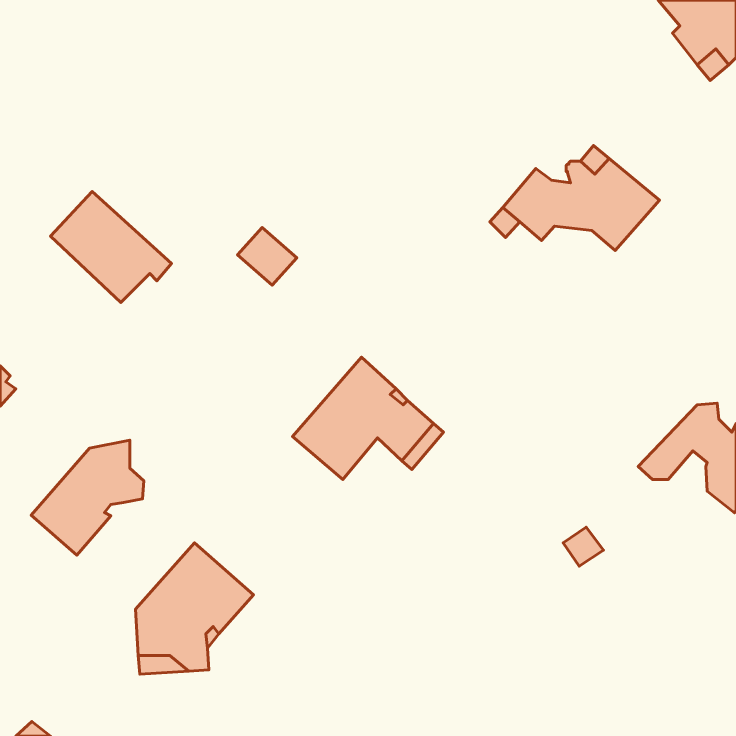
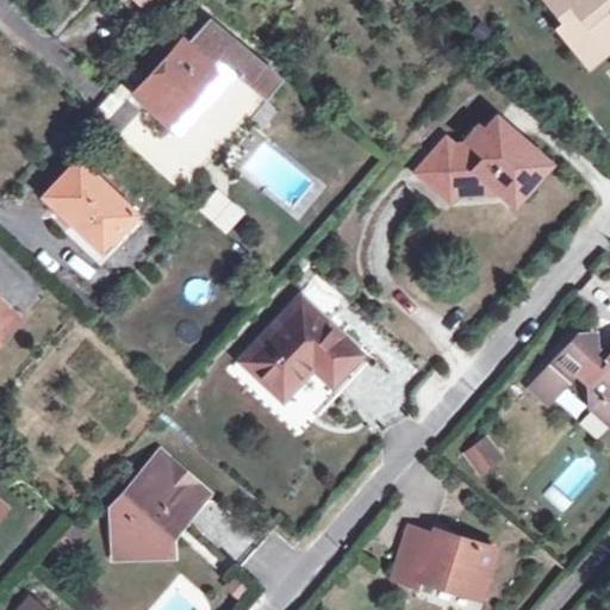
building: none -> [130,19,278,126]
building: [31,440,144,555] -> none
building: none -> [397,529,493,597]

